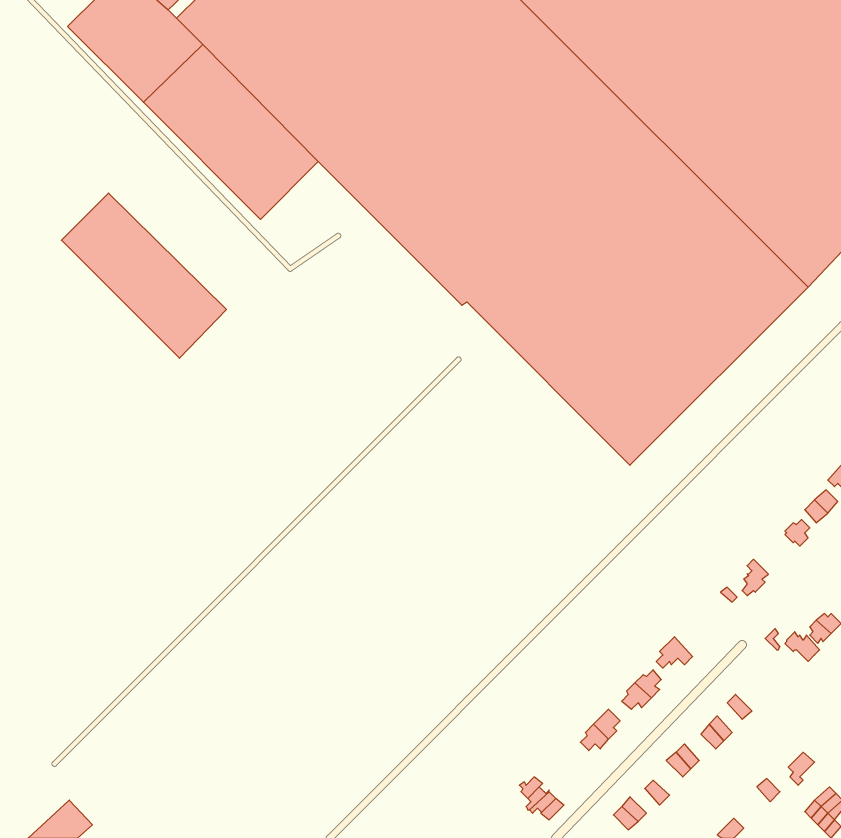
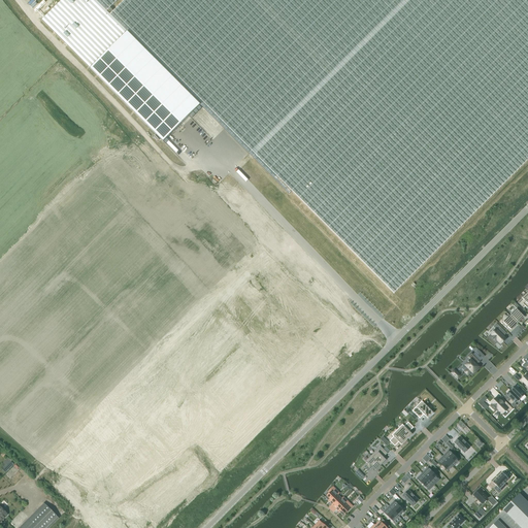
building: [61,193,226,358] -> none

